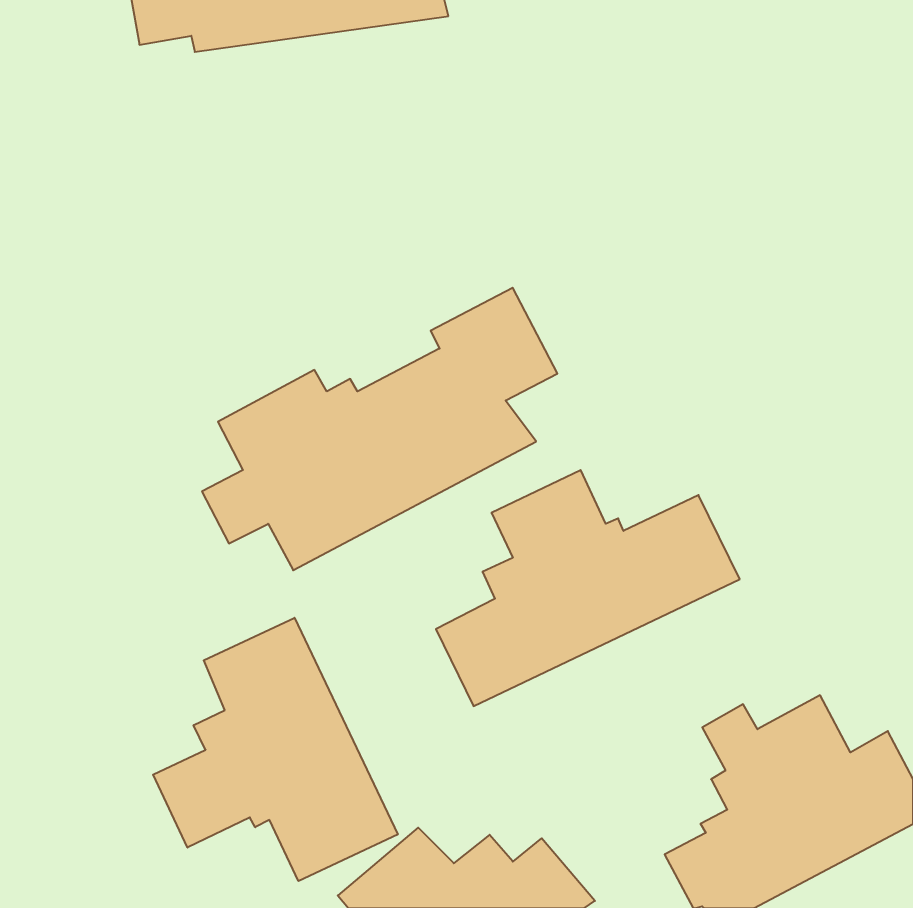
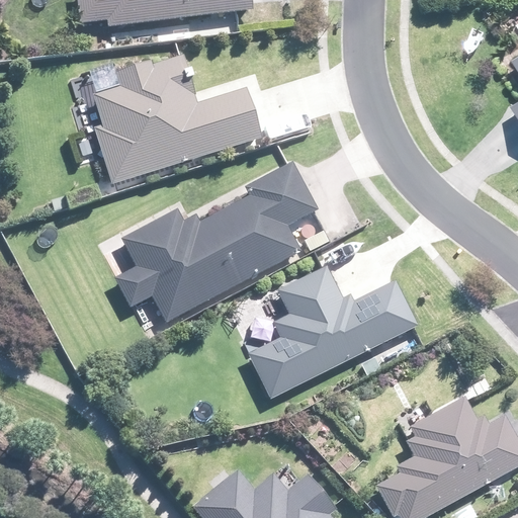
building: none -> [69,57,263,185]
building: [153,618,398,881] -> none

